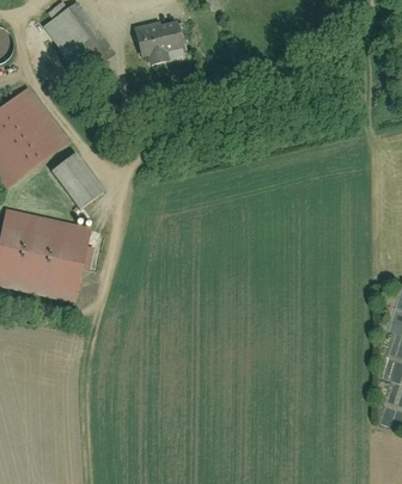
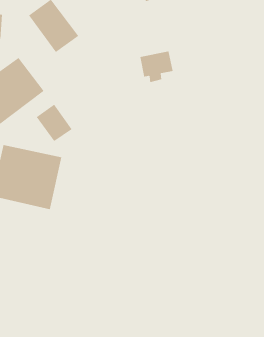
building: [135,24,183,69] -> [139,51,173,83]

